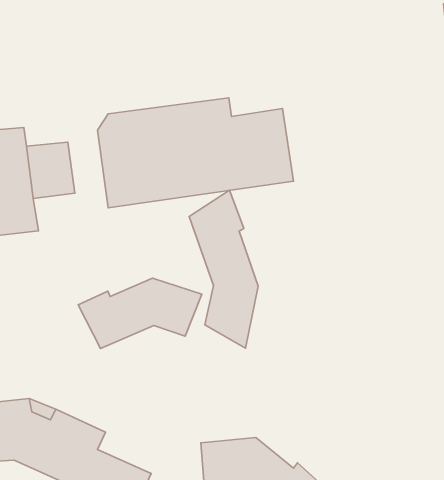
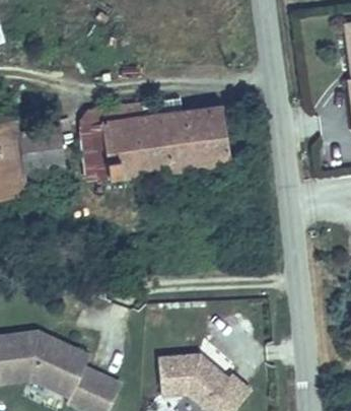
building: [189,190,258,348] -> none
building: [78,278,202,349] -> none

